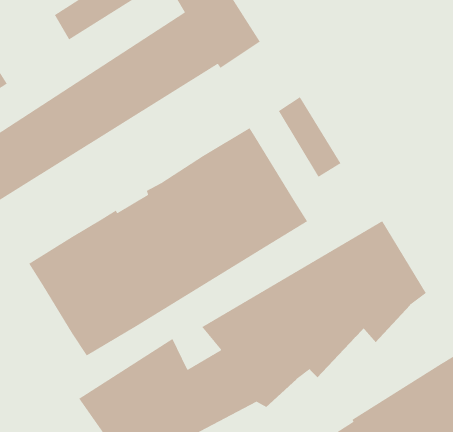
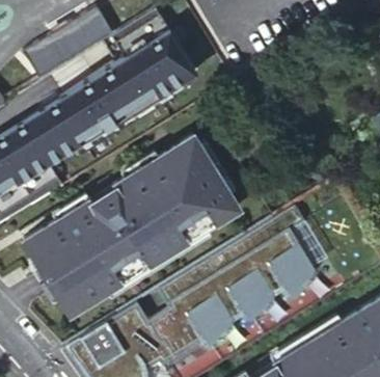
building: [278,96,342,178] -> none

